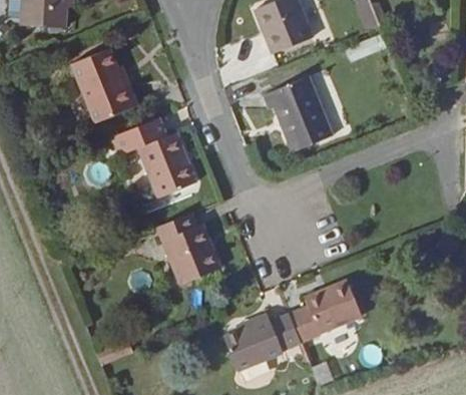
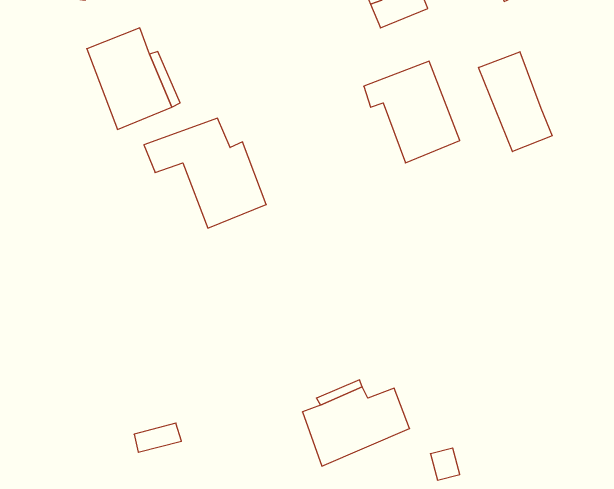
building: none -> [479,52,552,152]
building: [150,214,214,286] -> none
building: [290,278,364,341] -> none

